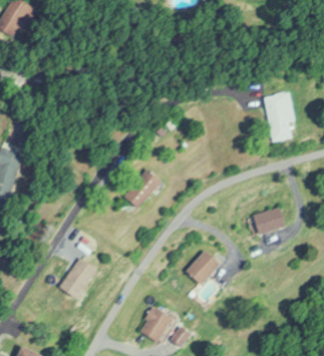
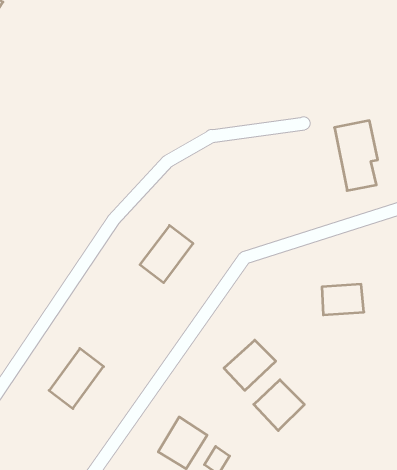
building: none -> [254,380,304,431]

